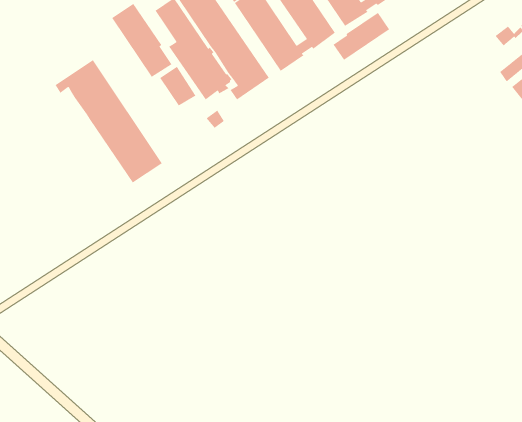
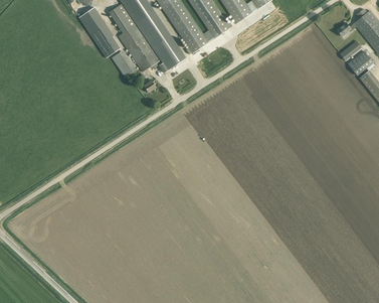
building: [332,12,390,61] -> none
building: [55,59,163,183] -> none

